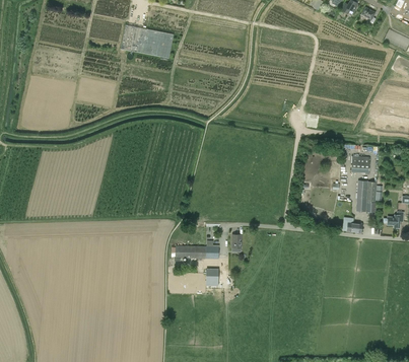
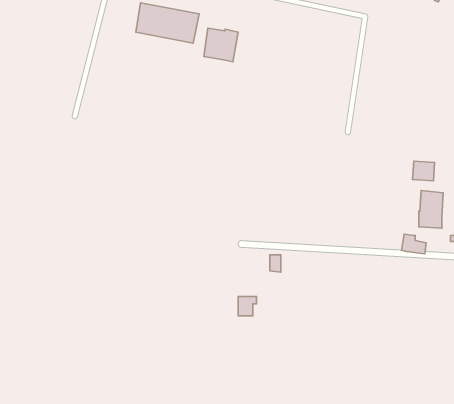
building: none -> [204,28,238,62]
building: [171,245,218,261] -> none

